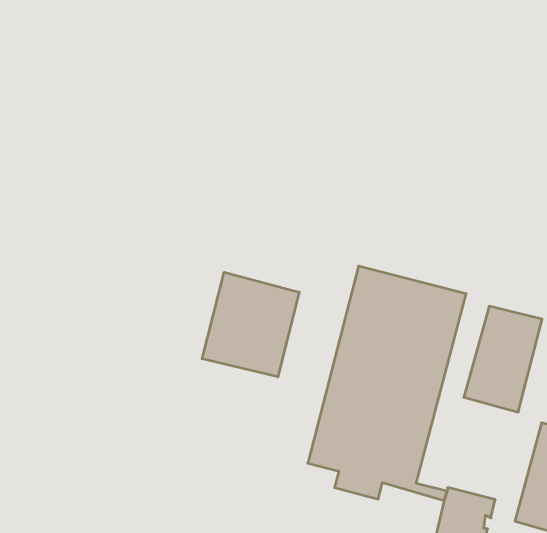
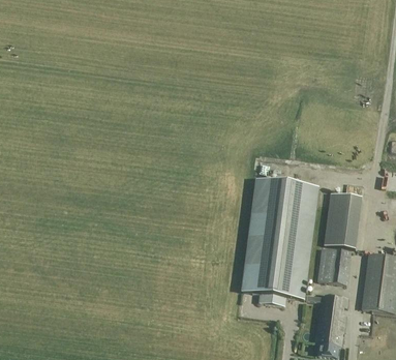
building: [202,272,299,377] -> none
building: none -> [317,247,352,284]

